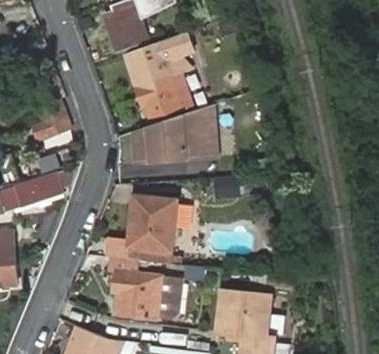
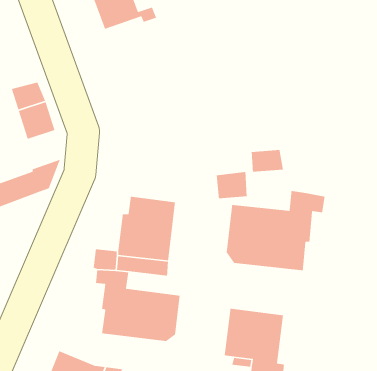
building: [128,54,190,119] -> none
building: [132,104,214,161] -> none
building: none -> [226,190,325,271]

